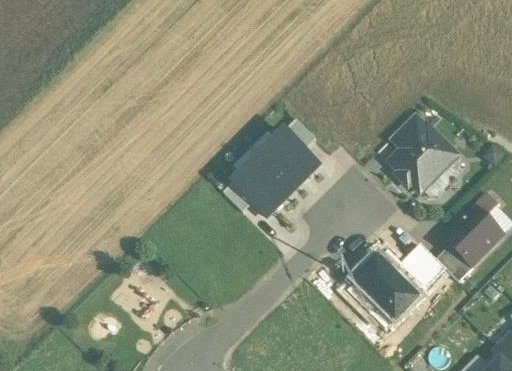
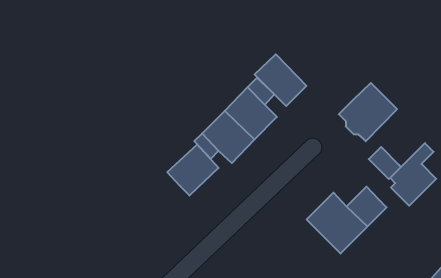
building: none -> [255,54,306,106]
building: [390,113,427,150] -> none
building: none -> [167,144,219,196]
building: [436,245,473,282] -> [369,147,401,179]

